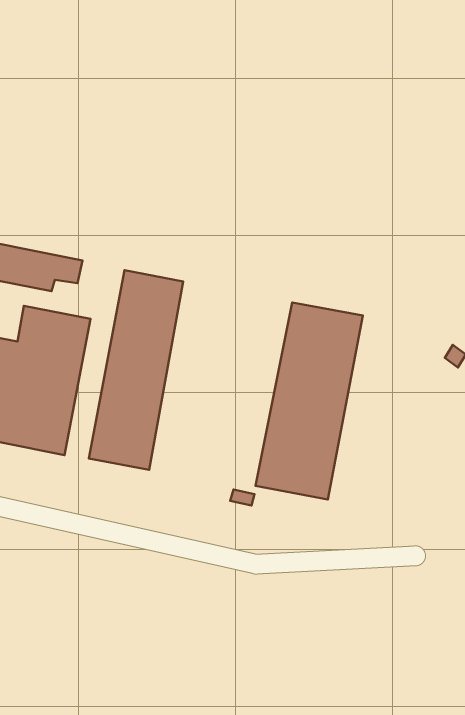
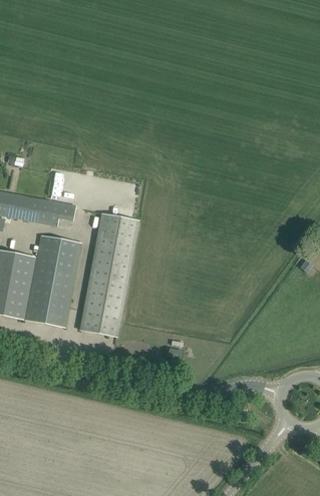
building: [255,302,363,500] -> none

